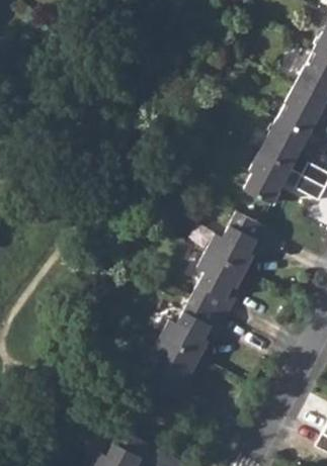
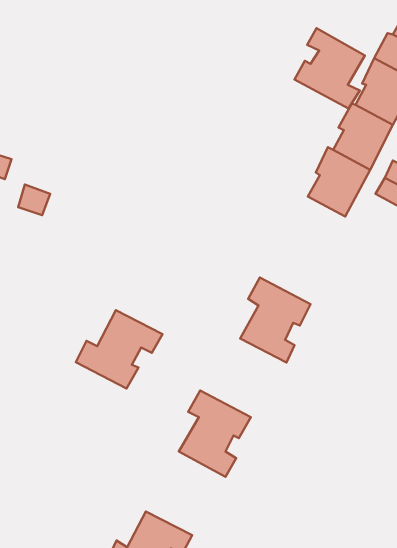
building: none -> [294,28,365,108]
building: [208,210,273,271] -> none
building: [162,297,228,357] -> [76,310,162,389]

